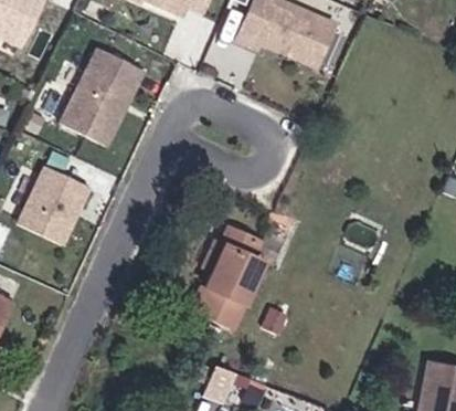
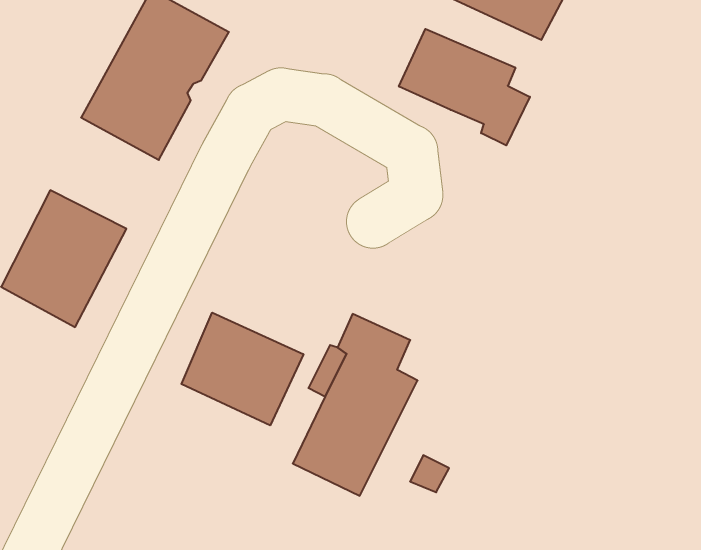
building: none -> [399,29,530,145]
building: none -> [181,313,303,425]

